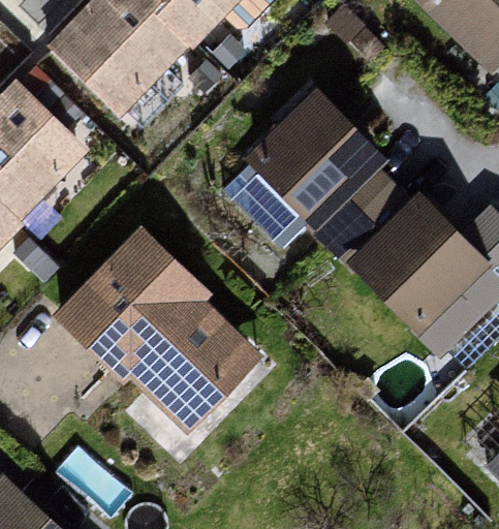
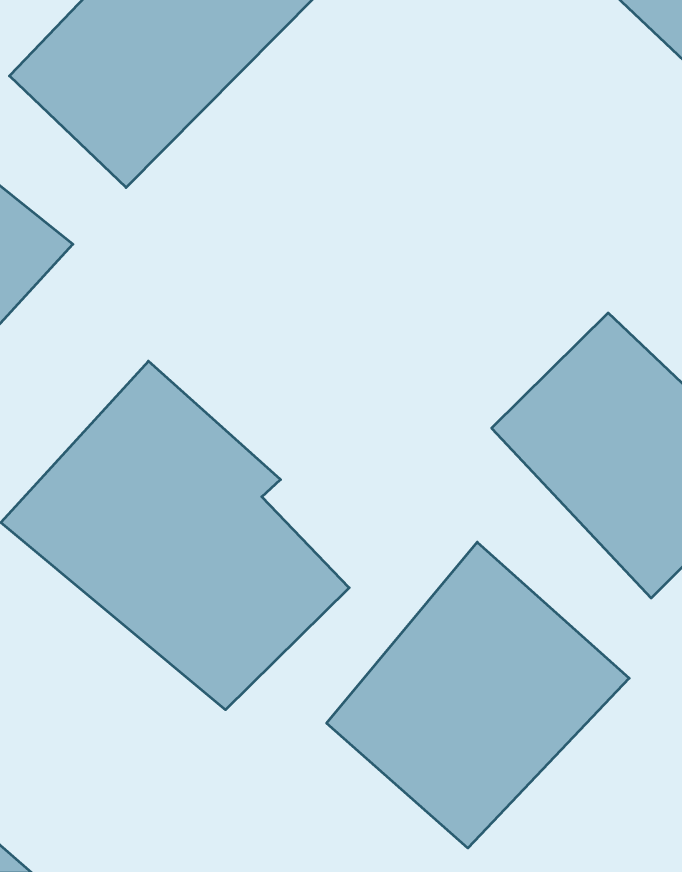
building: [241,95,408,259] -> none
building: none -> [327,542,629,848]

